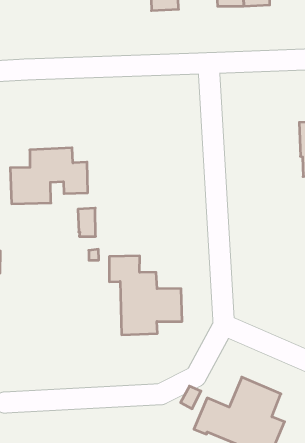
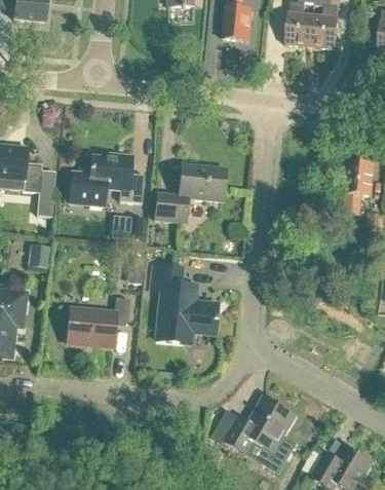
building: none -> [154,163,225,222]
building: none -> [67,298,127,346]

